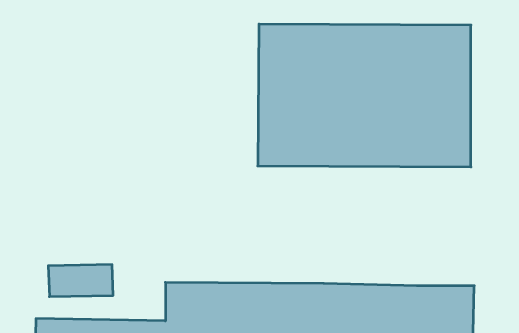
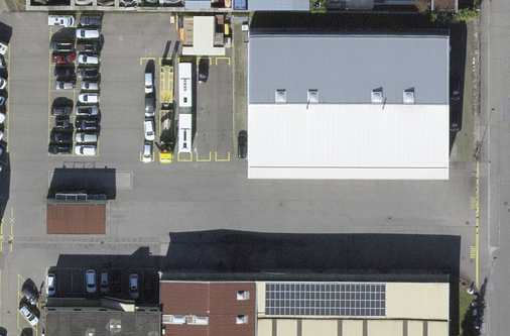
building: [48,265,113,297] -> [46,206,106,235]

